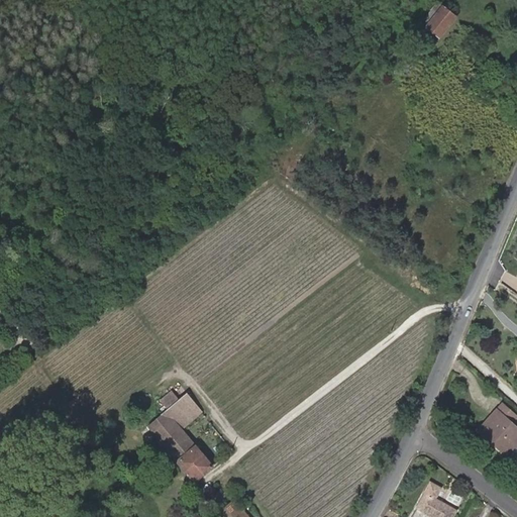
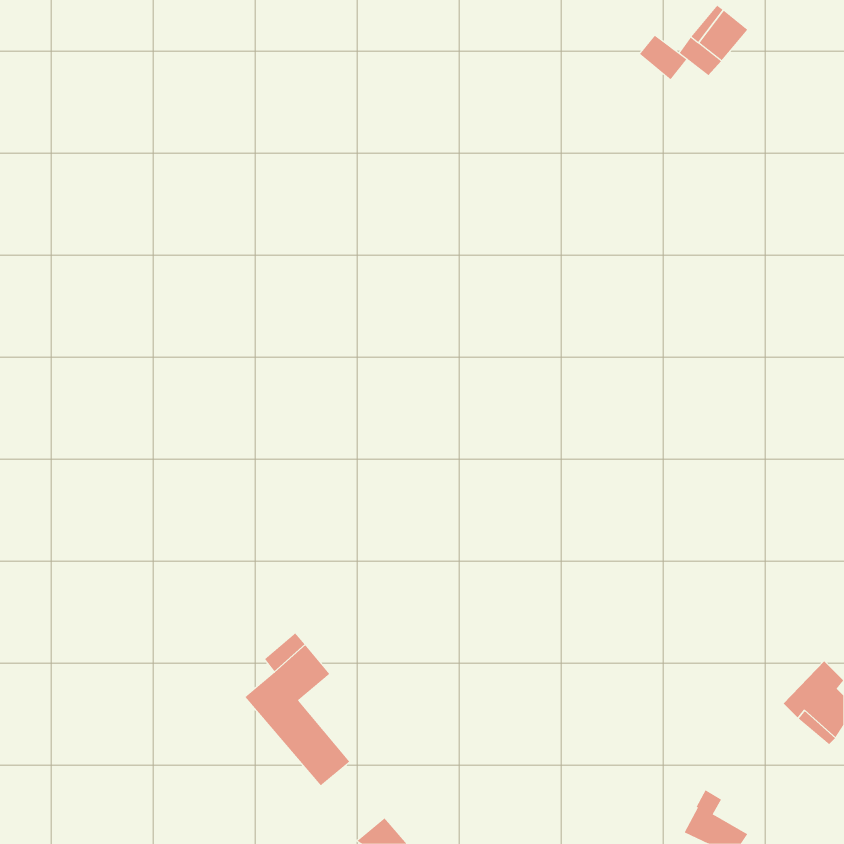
building: none -> [639,35,687,80]

